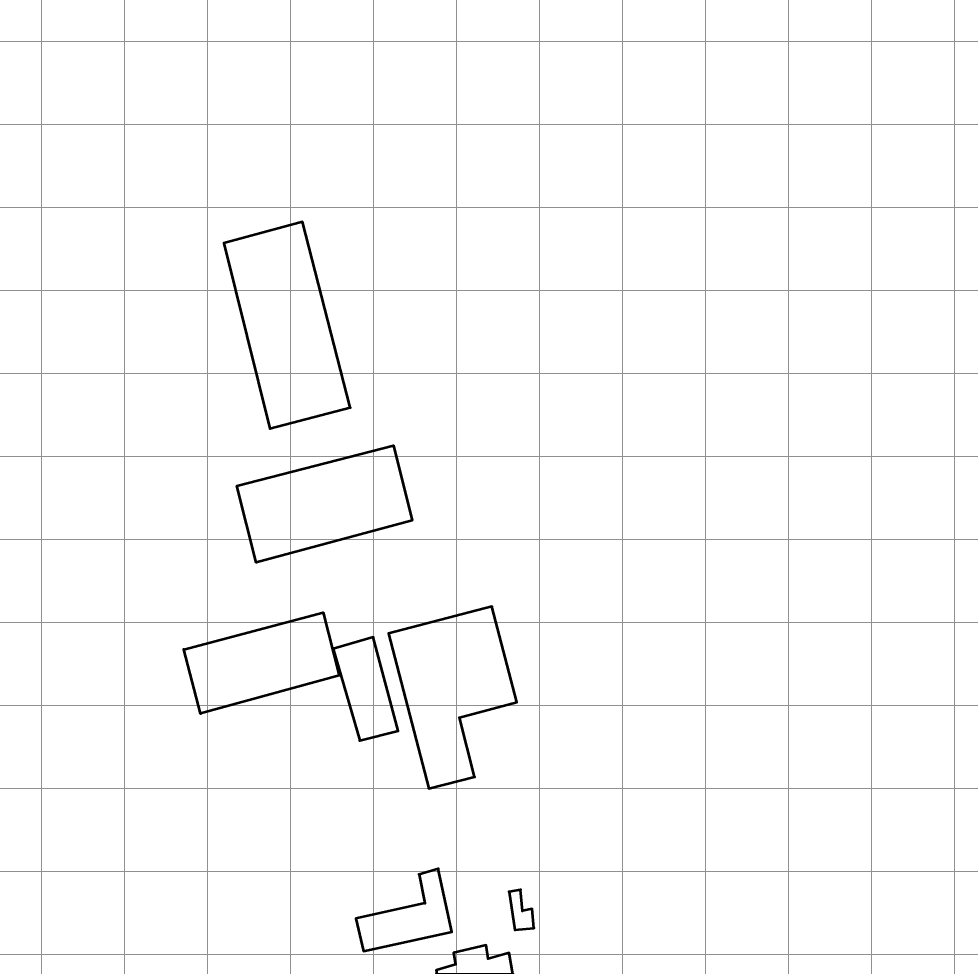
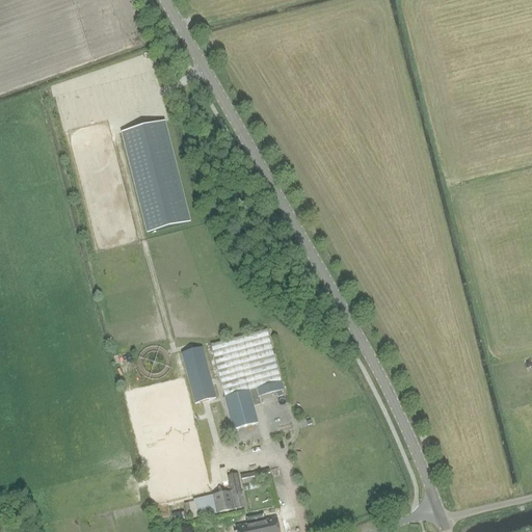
building: [237,446,412,562] -> none
building: [184,613,339,714] -> none

